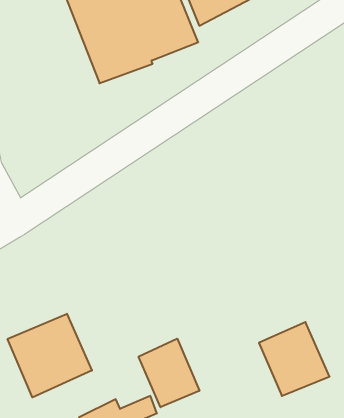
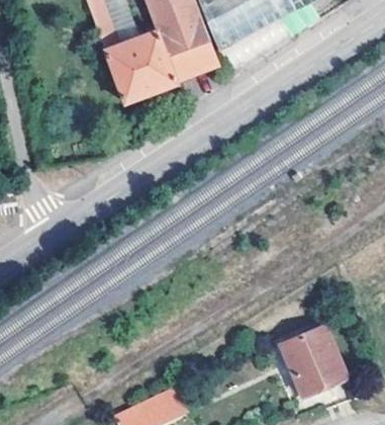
building: [8,314,92,397] -> none
building: [139,339,199,407] -> none

